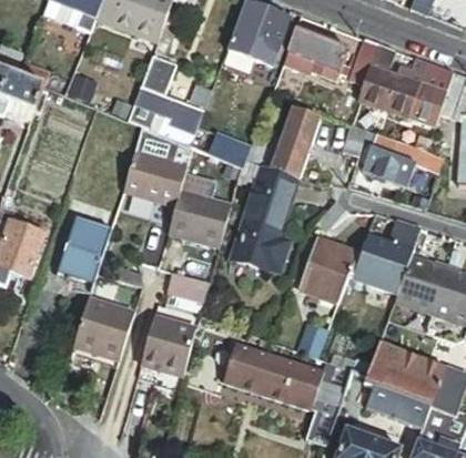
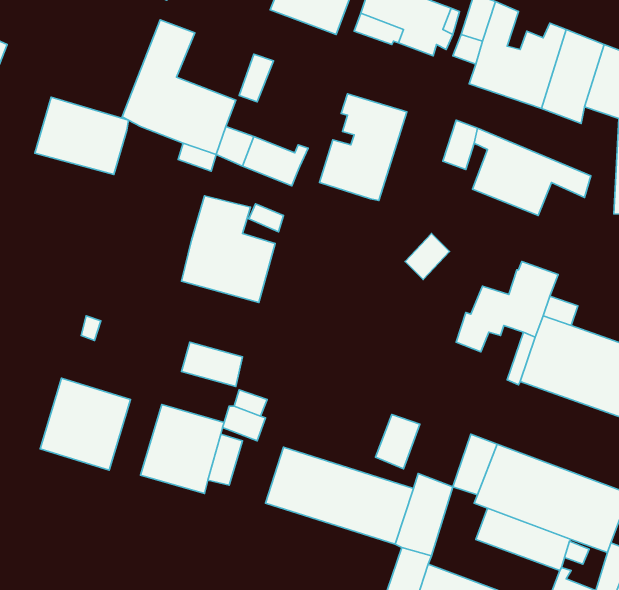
building: [121,152,184,204] -> [35,97,129,174]
building: [230,164,295,269] -> none
building: [58,218,109,283] -> none
building: [302,238,359,303] -> none

